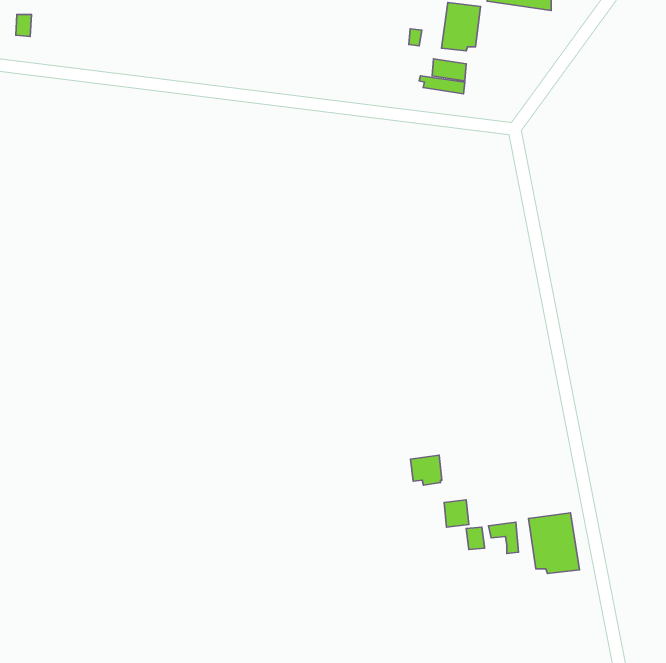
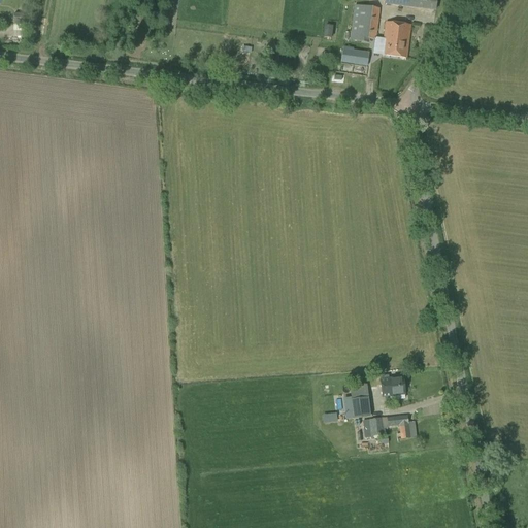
building: none -> [381,20,411,57]
building: [411,455,442,485] -> [381,374,405,398]
building: [528,513,580,574] -> none

